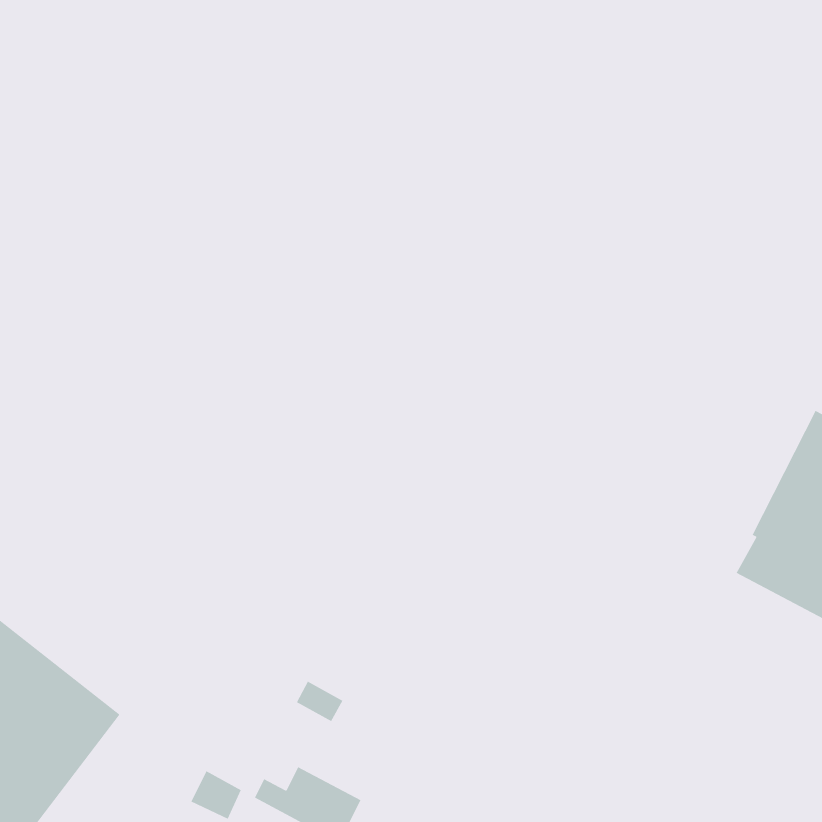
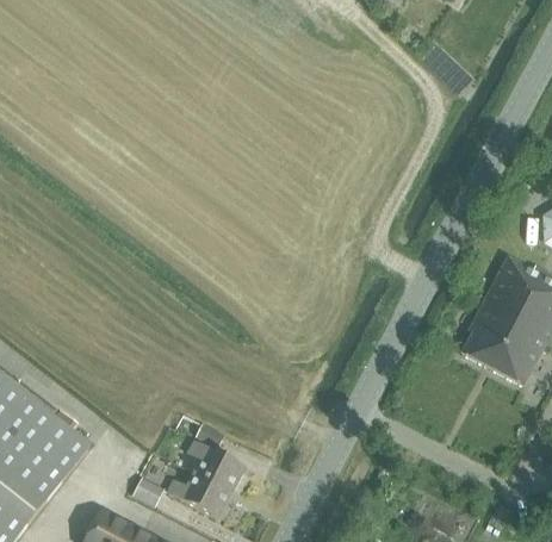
building: none -> [192,441,248,493]

